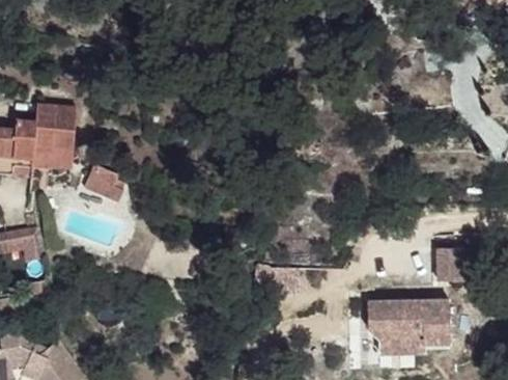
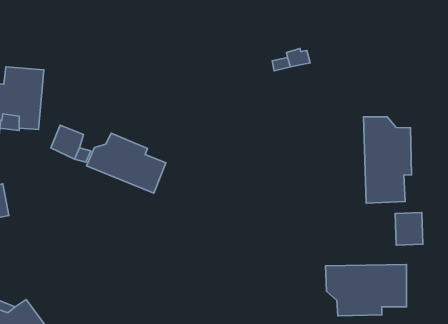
building: none -> [363,117,412,203]
building: none -> [86,133,166,193]

